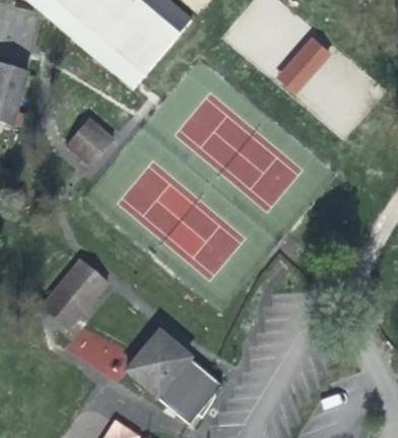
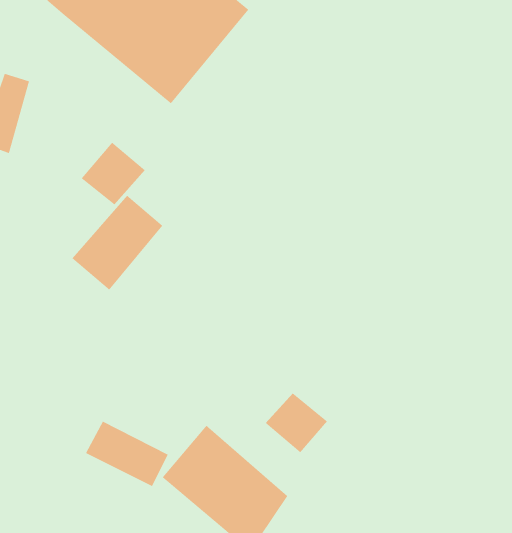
building: [275,34,331,96] -> none
building: [39,259,108,331] -> [72,195,163,291]
building: none -> [265,392,328,453]

